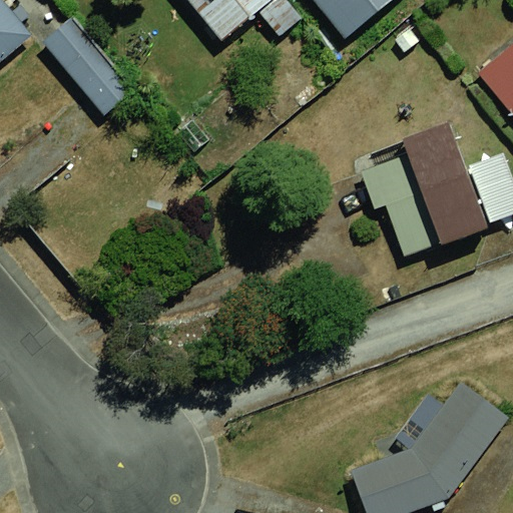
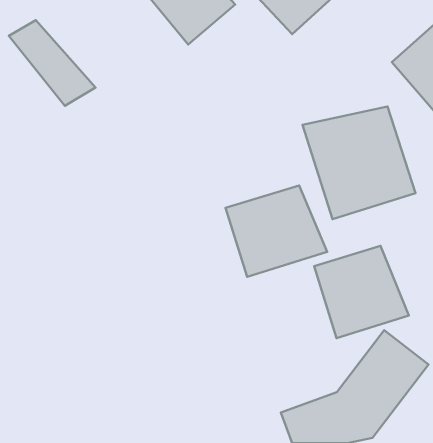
building: none -> [226,185,327,277]
building: none -> [314,246,409,338]

